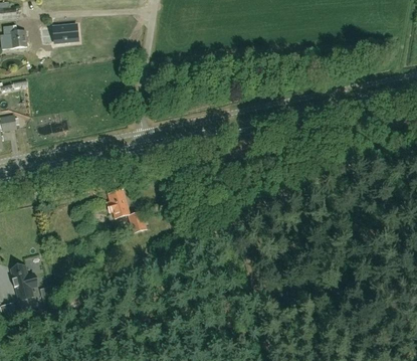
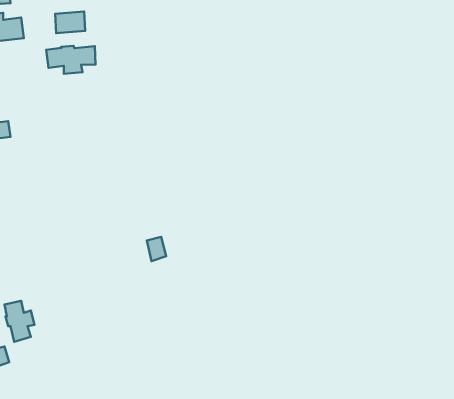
building: none -> [46,46,96,74]
building: [107,188,130,216] -> none

